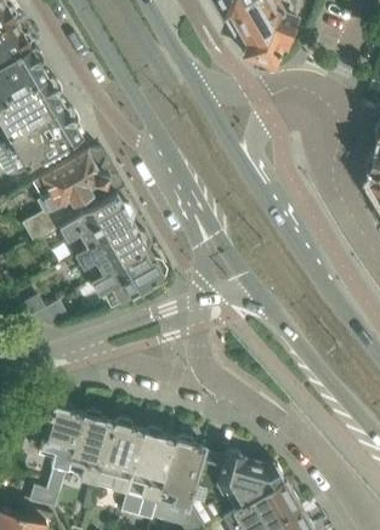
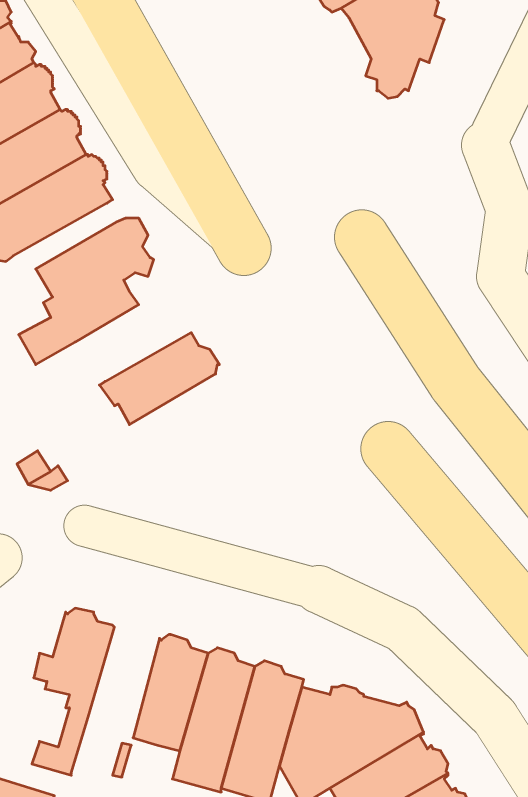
building: [57,194,134,253] -> none
building: [90,249,166,309] -> none
building: [66,409,112,484] -> none

